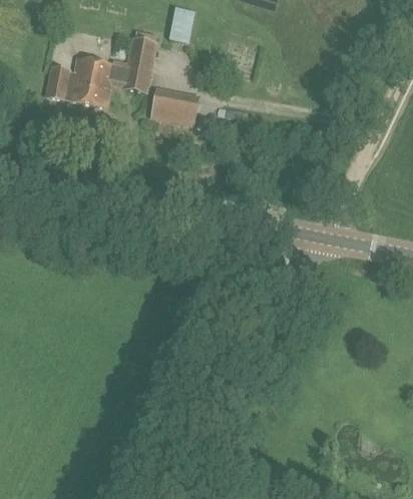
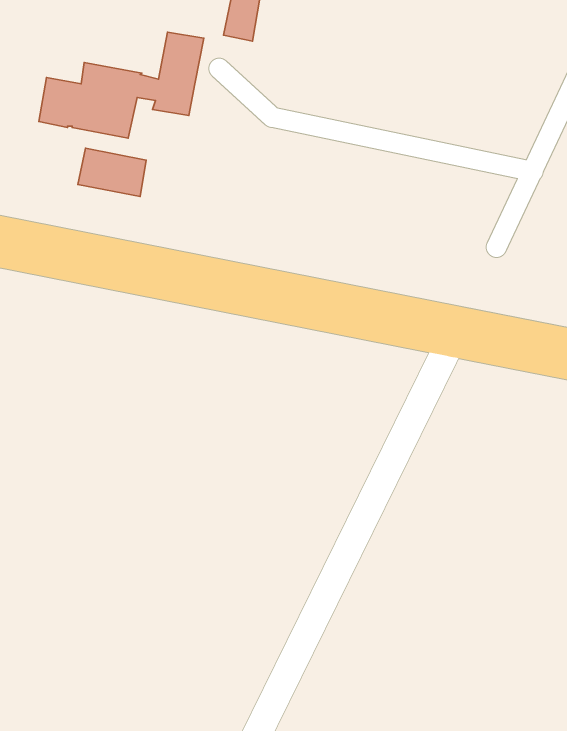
building: [151,93,196,125] -> [78,148,146,197]

